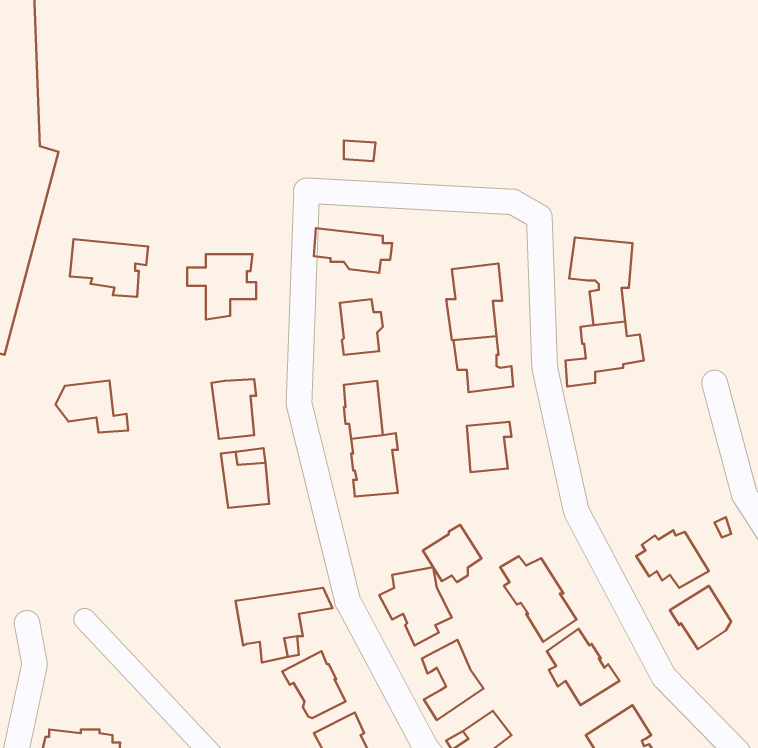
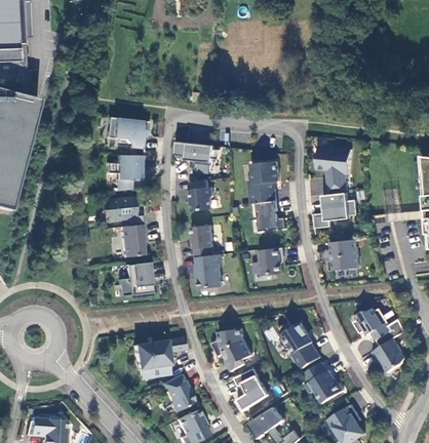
building: [70,239,148,297] -> [105,117,148,149]
building: [56,380,128,433] -> [103,196,143,225]
building: none -> [328,239,359,270]
building: [423,525,482,582] -> none

